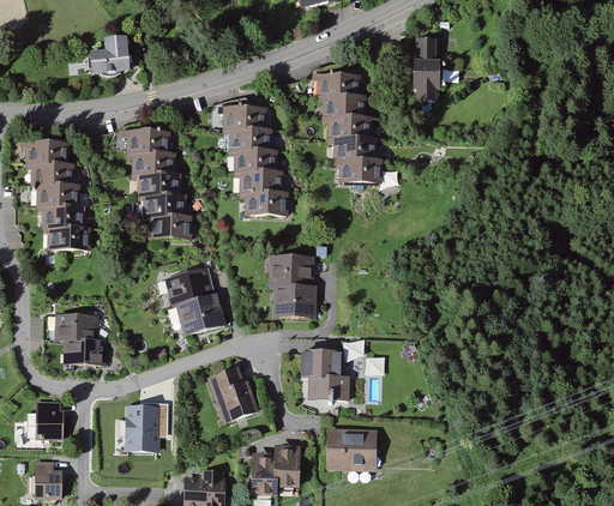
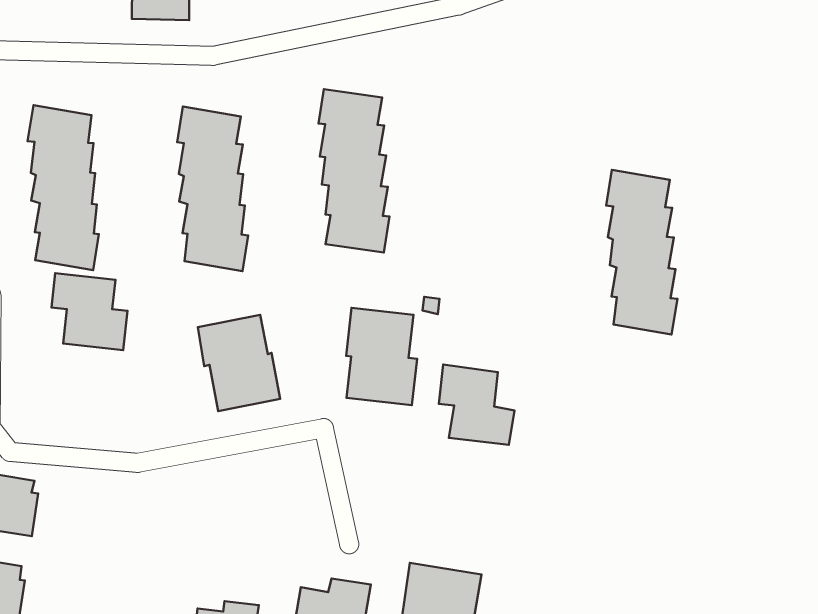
building: [415,38,439,97] -> none
building: [323,74,379,183] -> [606,170,677,335]
building: [54,314,107,362] -> [51,273,128,350]
building: [297,348,350,398] -> [439,364,514,445]
building: [206,366,258,423] -> none
building: [127,400,167,452] -> none

